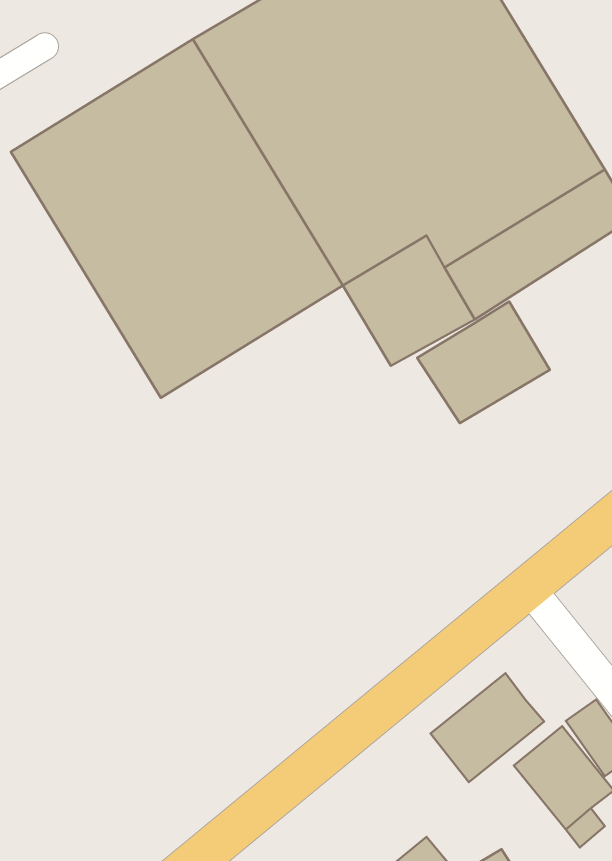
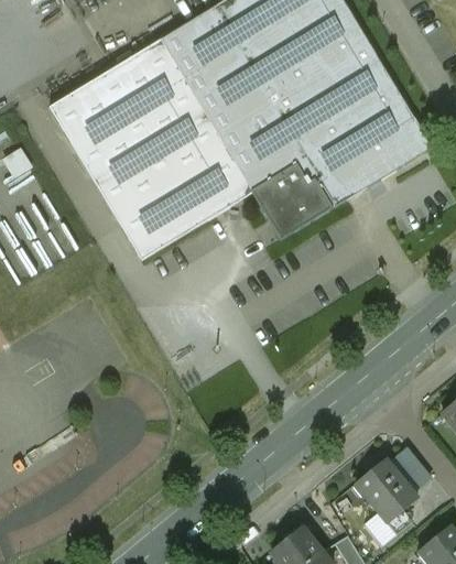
building: [417,302,550,423] -> none
building: [430,673,544,782] -> none

